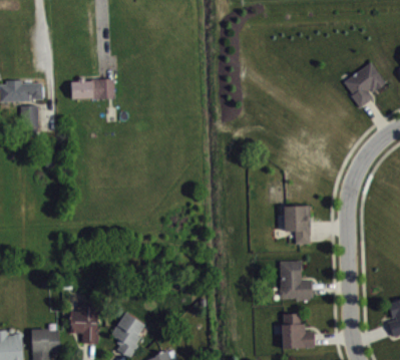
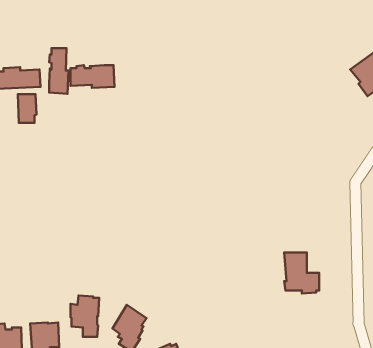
building: none -> [49,48,68,94]
building: [283,206,311,244] -> none
building: [281,313,315,348] -> none

